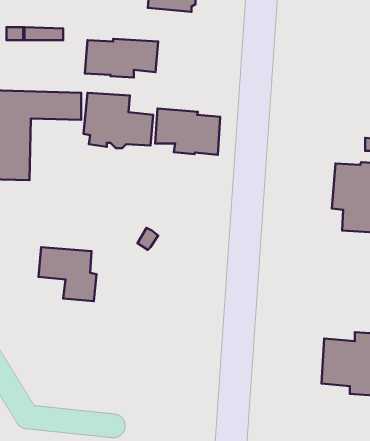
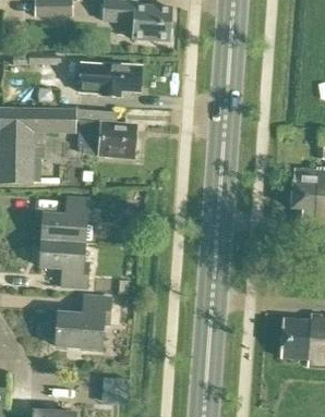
building: [155,108,220,155] -> none
building: none -> [41,197,96,243]
building: none -> [55,295,109,347]

